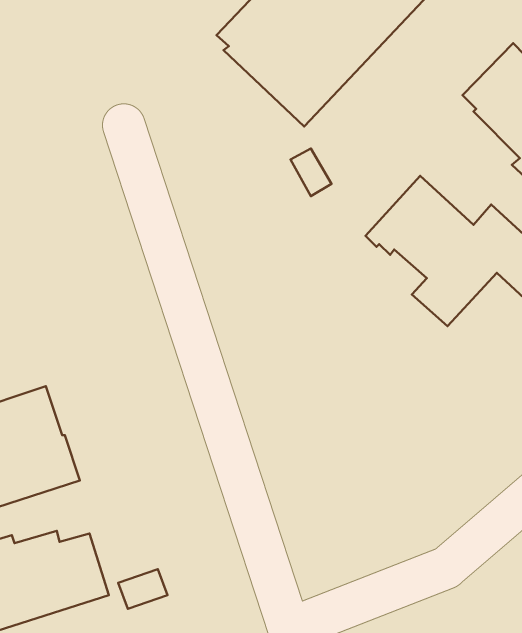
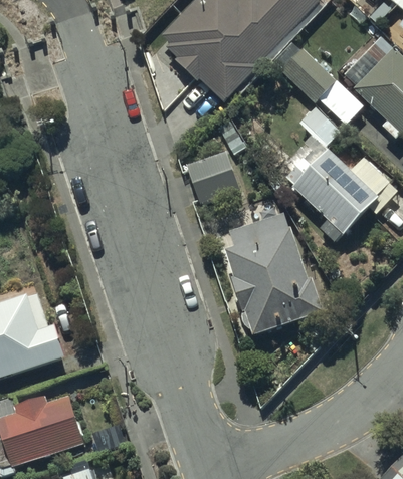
building: none -> [273,47,363,125]
building: none -> [188,147,241,201]
building: none -> [227,218,326,346]

